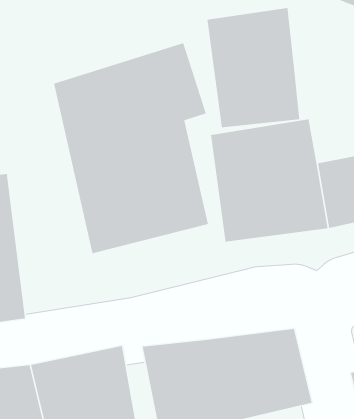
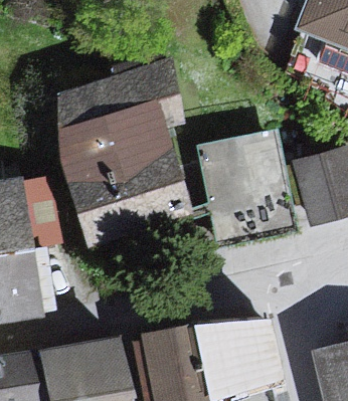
building: [206,7,300,128] -> none

